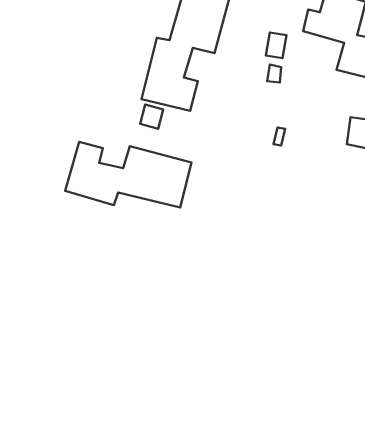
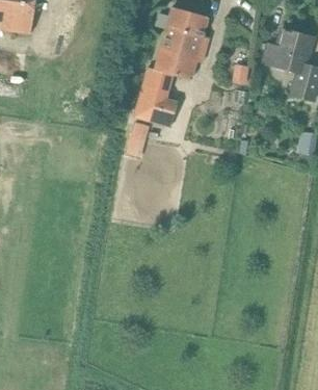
building: [65,142,191,208] -> none

